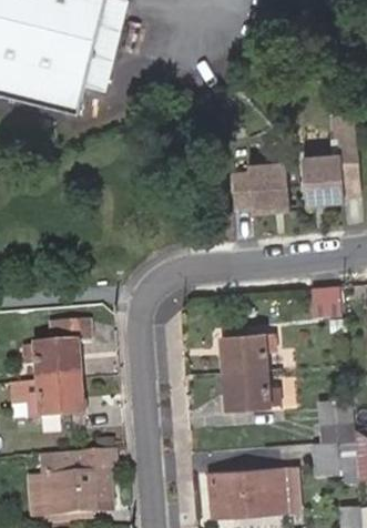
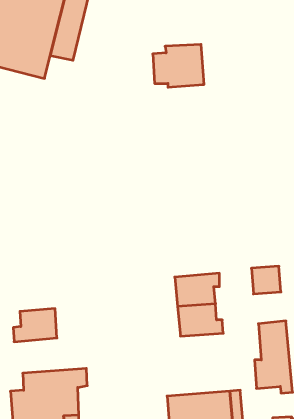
building: [297,148,338,200] -> none
building: [227,161,287,211] -> [153,44,204,87]
building: [308,285,343,317] -> [251,266,281,294]
building: [29,318,93,382] -> none

